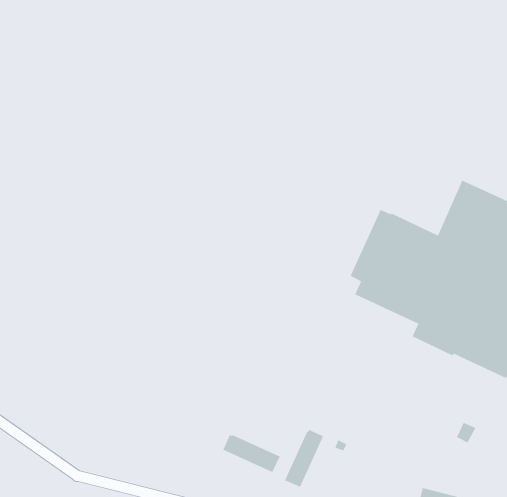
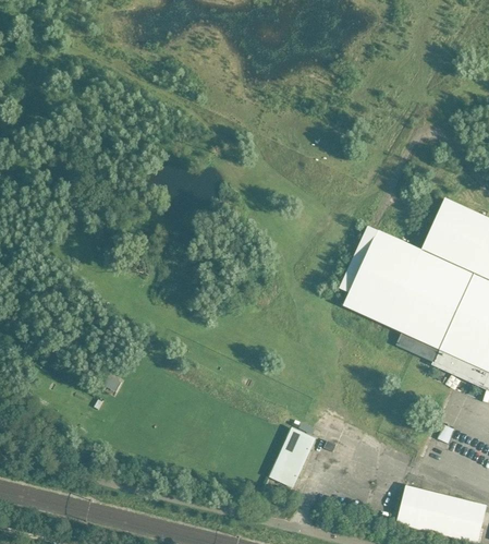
building: [223,434,280,473] -> none

